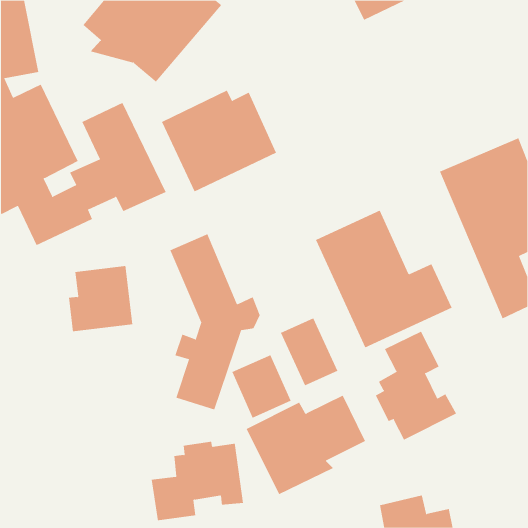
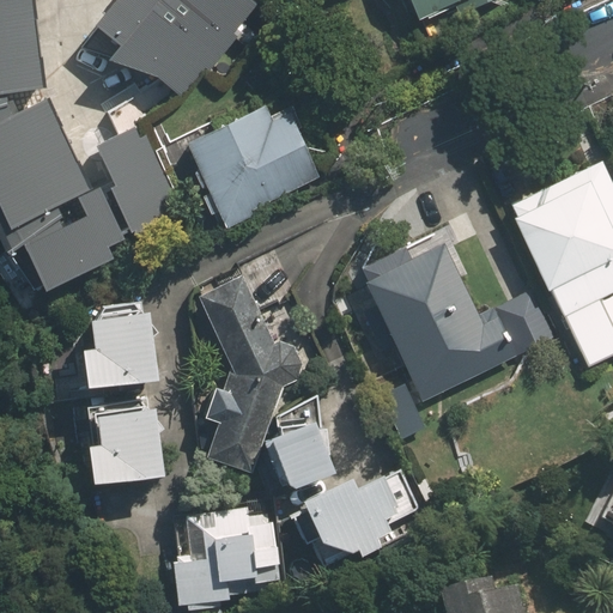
building: [280,317,338,386] -> none
building: [375,331,457,441] -> none
building: none -> [84,401,165,485]

